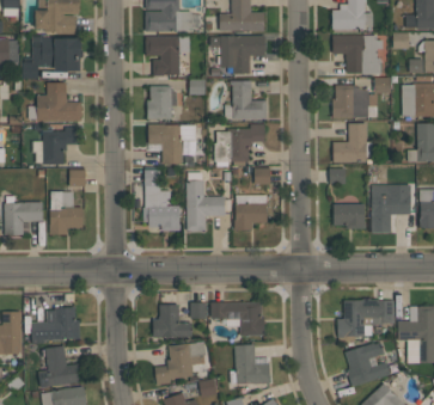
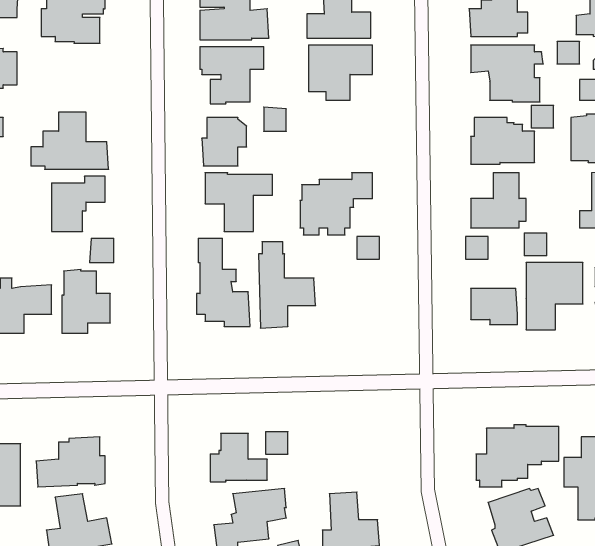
building: [23,36,81,79] -> none
building: [226,81,267,119] -> none
building: [234,195,268,229] -> none
building: [212,302,265,337] -> none

